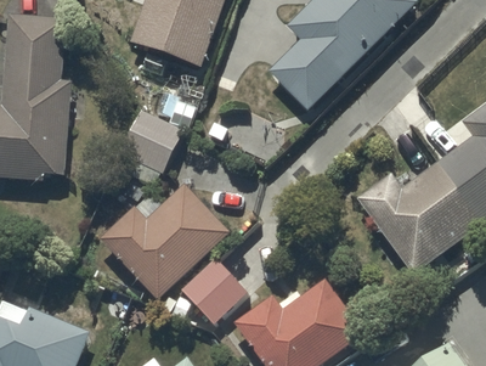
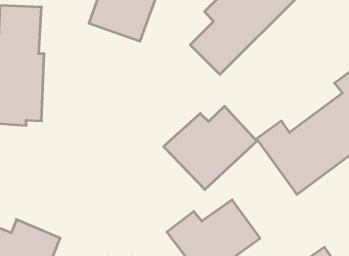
building: [118,112,181,185] -> none
building: [100,185,226,298] -> [164,106,257,190]
building: [181,260,245,325] -> none

